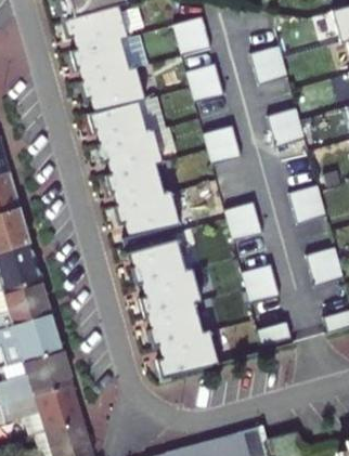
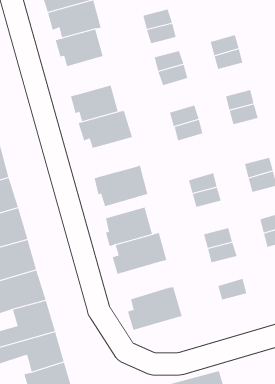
building: [80,68,143,114] -> none
building: [107,165,163,208] -> none
building: [145,304,201,349] -> none

